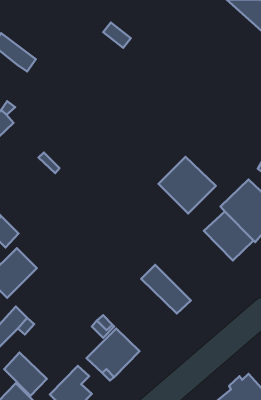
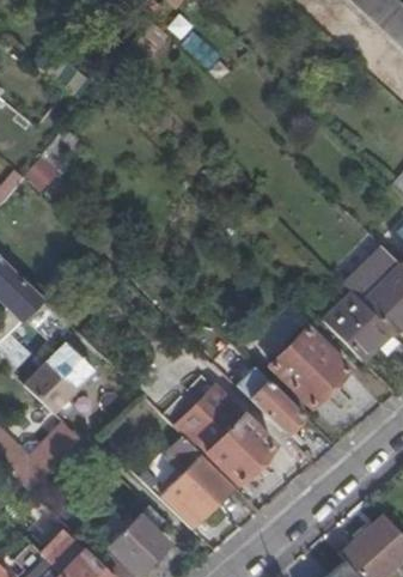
building: [158,157,216,214] -> [271,328,350,406]
building: none -> [169,376,275,481]
building: [4,352,47,396] -> none

